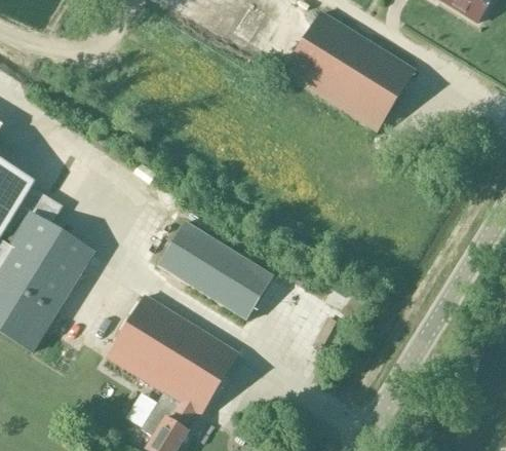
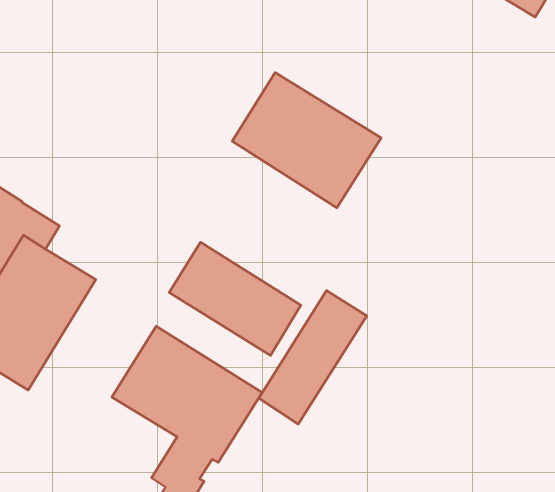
building: [282,11,414,130] -> [232,73,381,208]
building: none -> [259,291,367,424]

